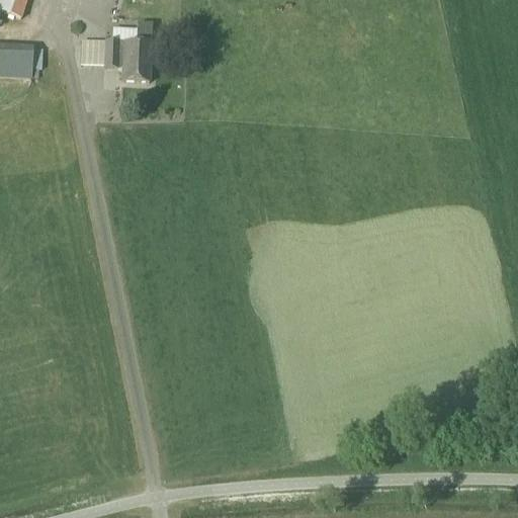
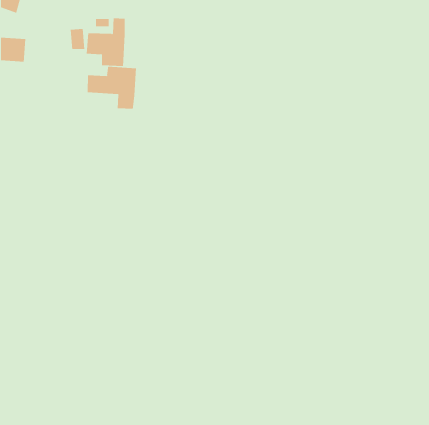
building: none -> [87,66,136,109]

